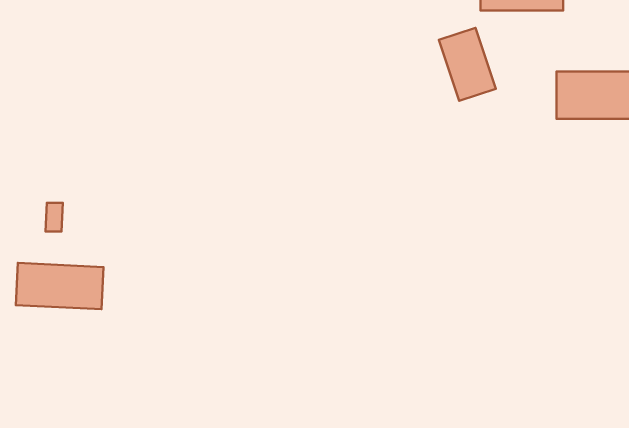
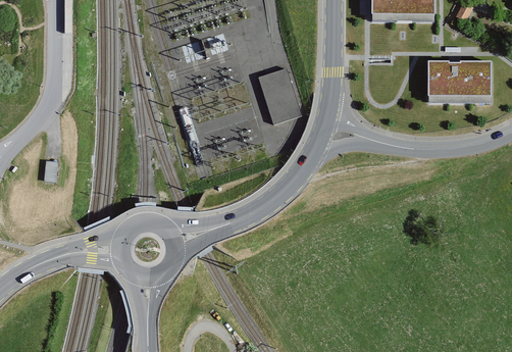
building: [439,28,496,101] -> [259,70,302,125]
building: [16,263,103,309] -> none

